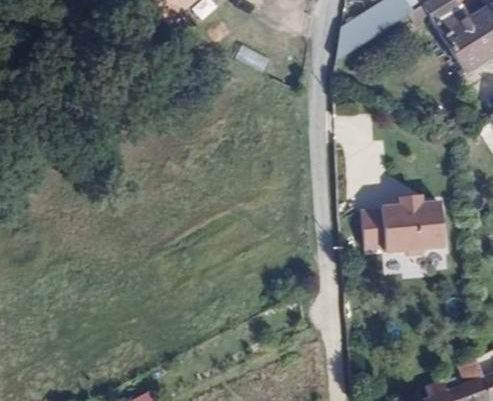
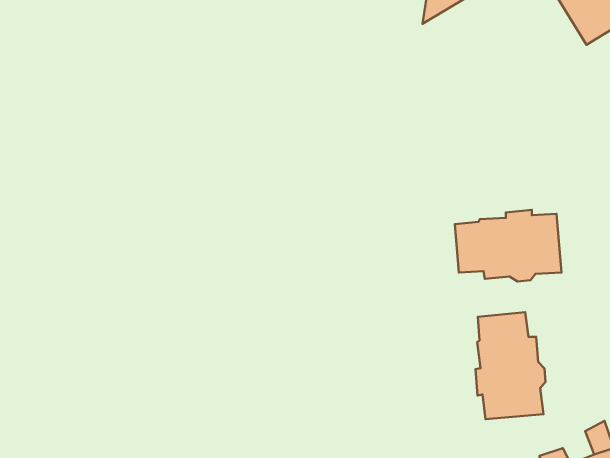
building: none -> [475,312,546,419]

